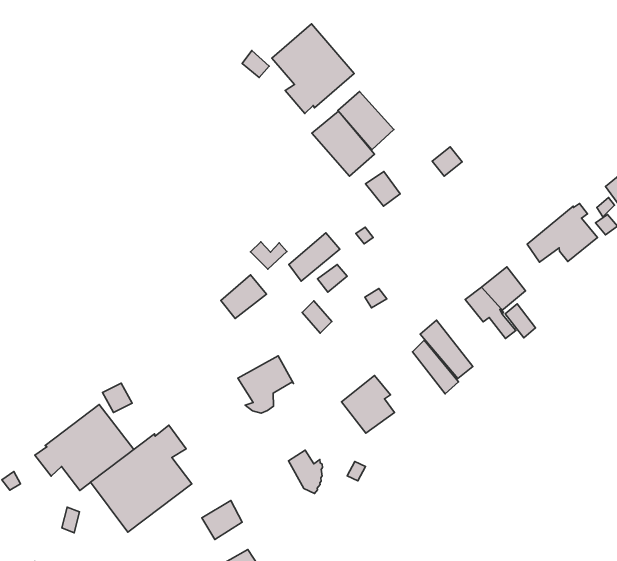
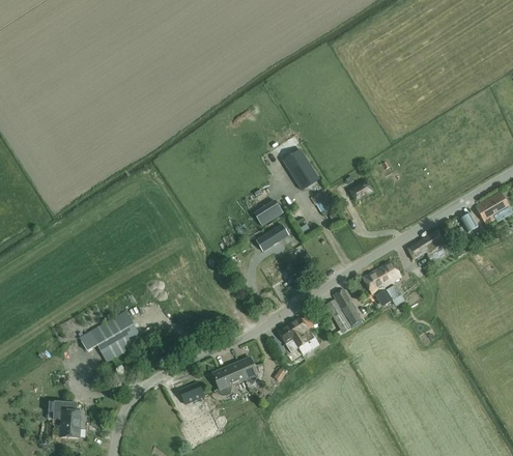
building: [272,24,354,114] -> none
building: [338,92,394,150] -> none
building: [221,275,266,319] -> [254,199,283,225]
building: [238,356,294,413] -> [211,362,246,396]
building: [91,425,192,532] -> none

